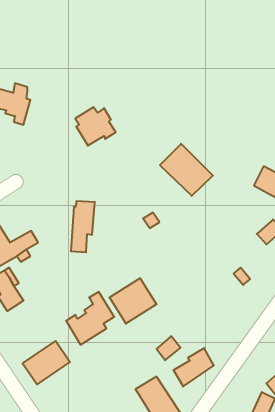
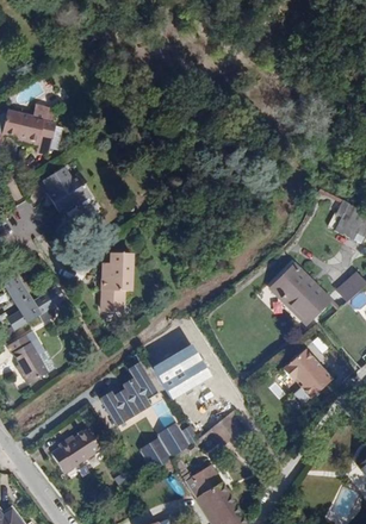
building: [75,107,116,146] -> [42,167,92,214]
building: [160,144,213,196] -> [268,262,334,326]
building: none -> [284,348,335,399]
building: [173,348,214,387] -> [139,420,190,468]

